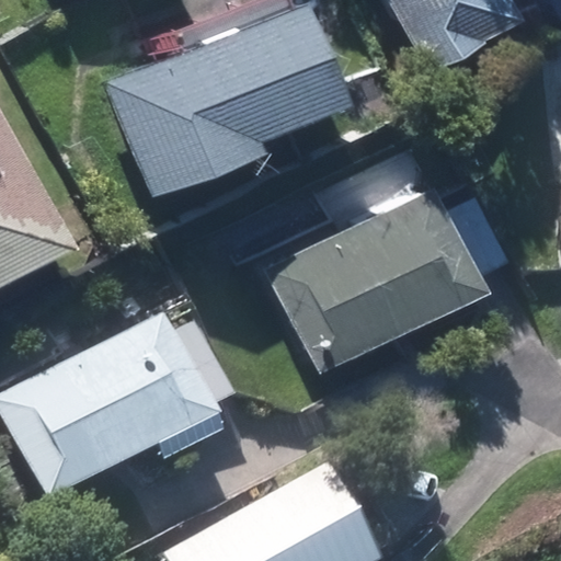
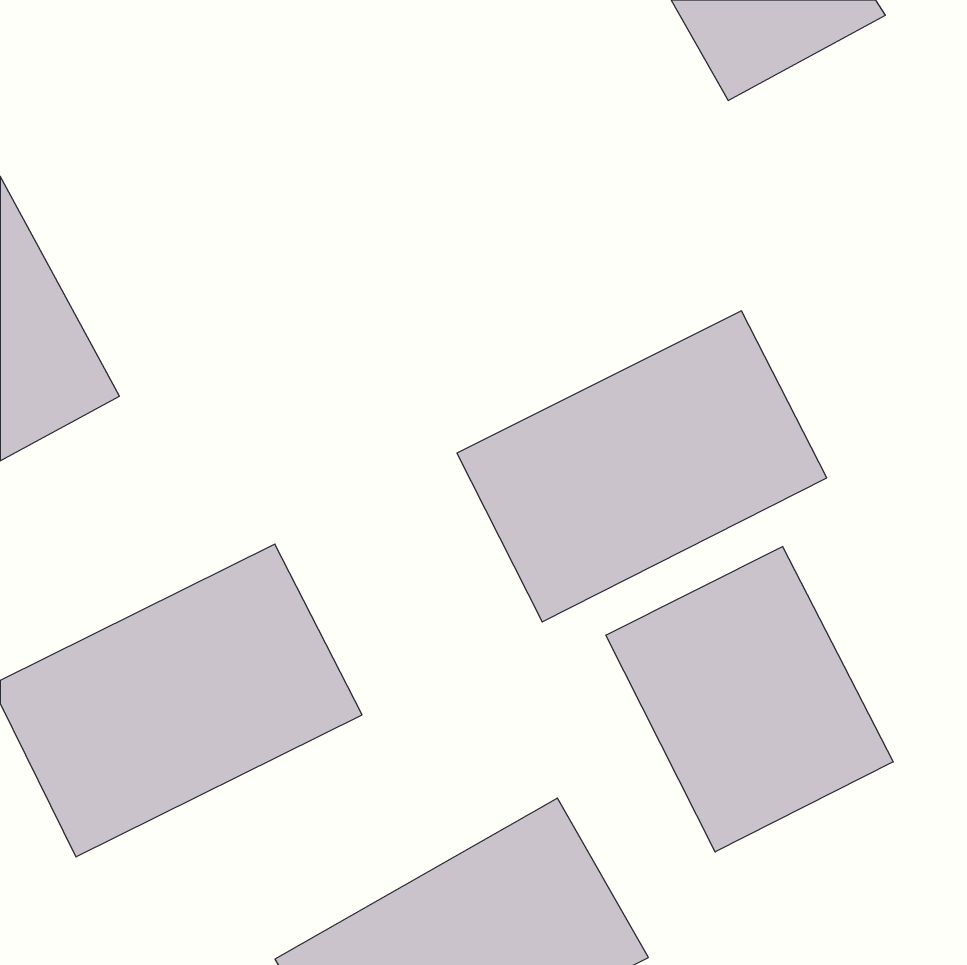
building: [111,11,350,195] -> none
building: none -> [606,547,893,852]

